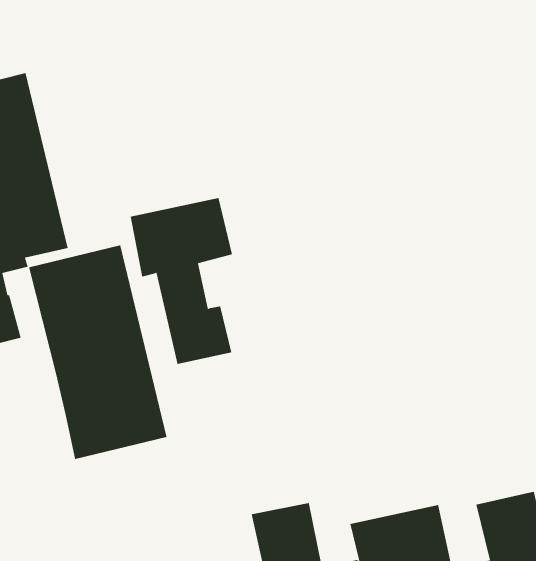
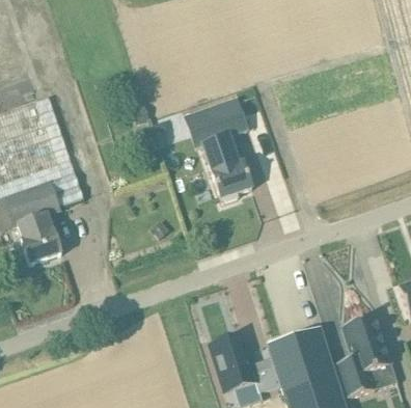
building: [130,197,233,365] -> [186,96,254,197]
building: [28,244,167,460] -> none

